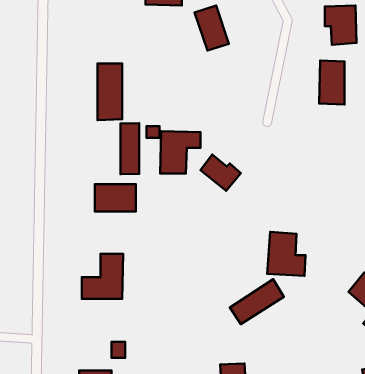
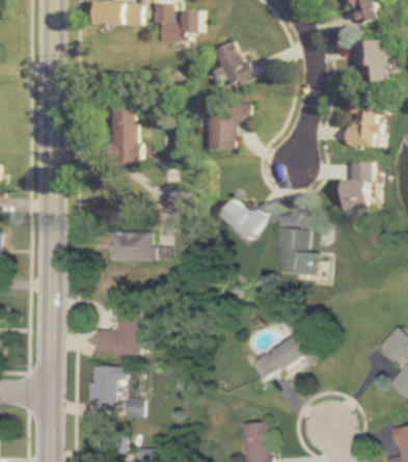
building: none -> [341,163,371,216]
building: [121,123,139,174] -> none
building: [160,131,200,174] -> [207,106,249,151]
building: [267,232,305,276] -> [275,227,316,274]
building: none -> [91,366,127,401]

